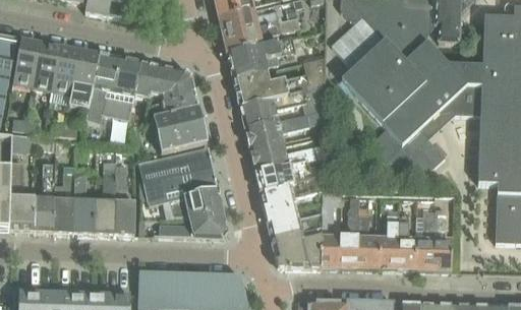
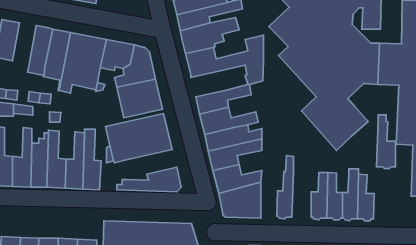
building: [33,42,60,89] -> none
building: [239,90,304,127] -> none
building: [163,188,223,218] -> none
building: [321,191,340,267] -> none
building: [356,206,379,268] -> [376,115,396,169]

